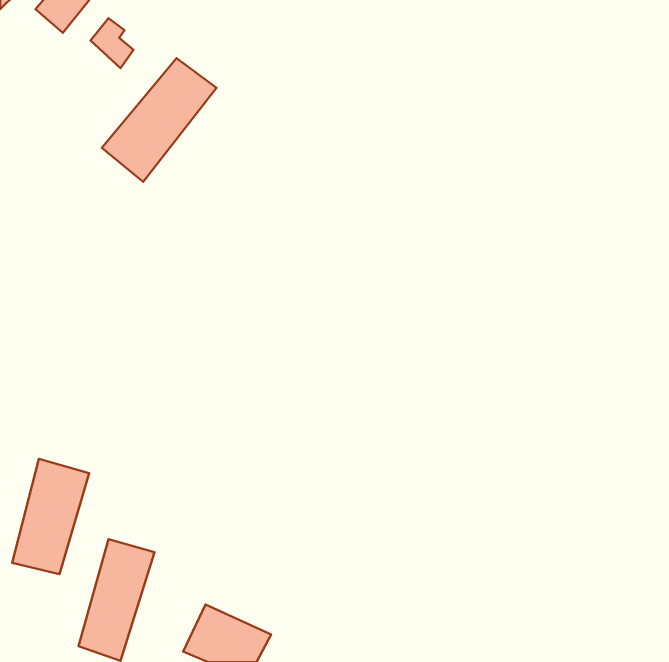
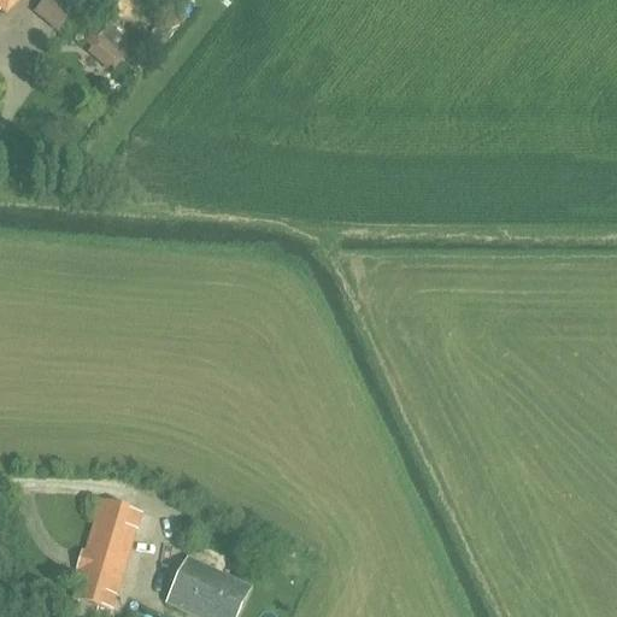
building: [102,58,217,182] -> none
building: [12,459,89,574] -> none

